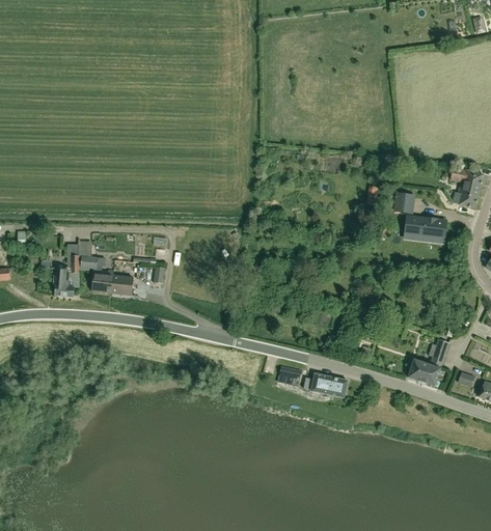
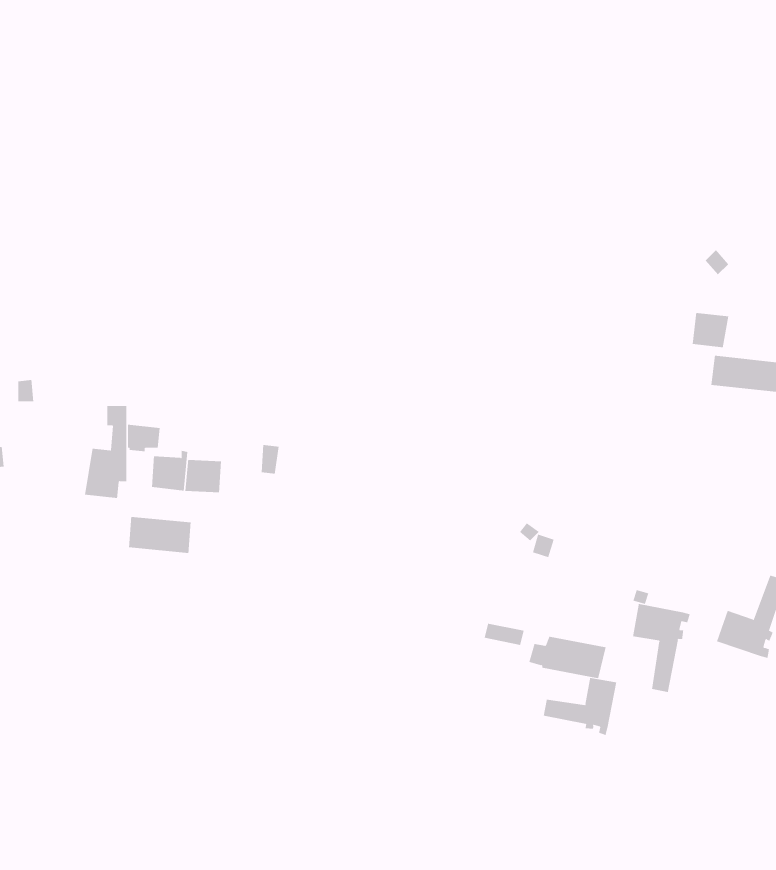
building: none -> [128,516,191,554]
building: none -> [632,603,690,693]
building: none -> [543,677,617,736]

